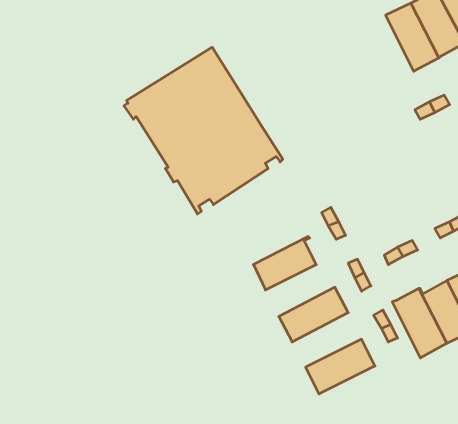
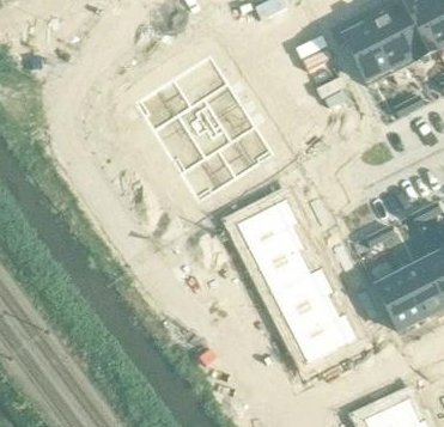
building: none -> [342,22,391,84]
building: none -> [235,196,297,245]
building: none -> [259,245,321,292]
building: none -> [282,288,345,337]

